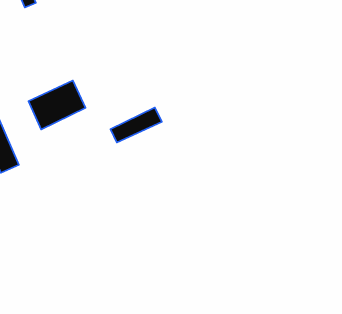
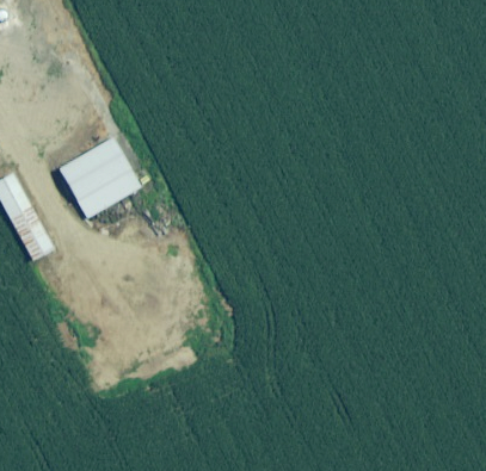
building: [110,108,162,142] -> [78,169,141,217]

